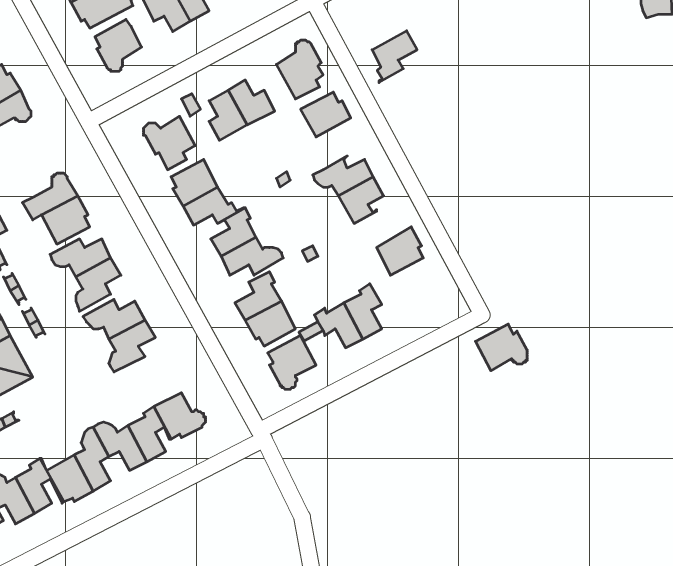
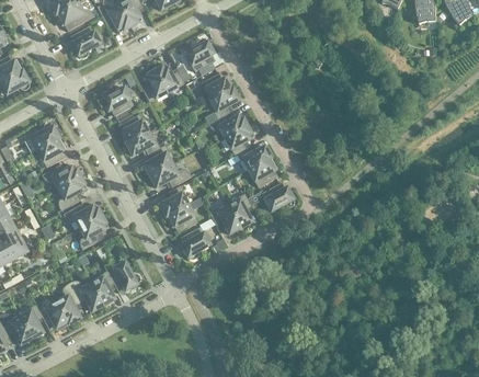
building: [372,31,417,83] -> [209,88,238,121]
building: none -> [233,146,270,170]
building: [475,324,527,371] -> [260,182,293,212]

